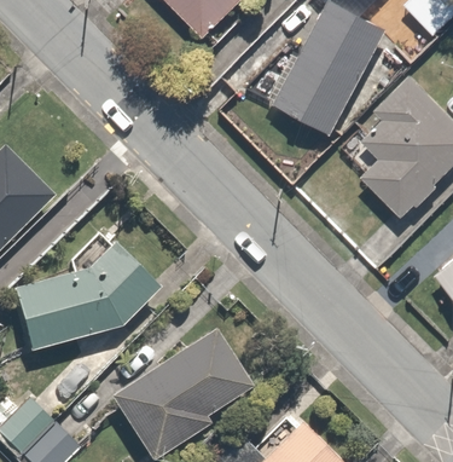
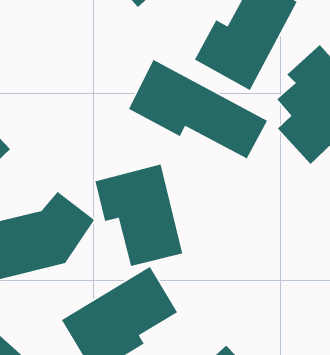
building: none -> [128,59,268,160]
building: none -> [95,164,183,267]

